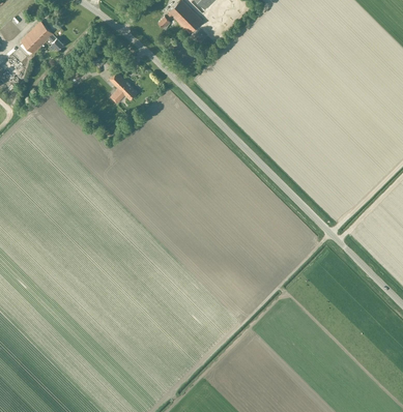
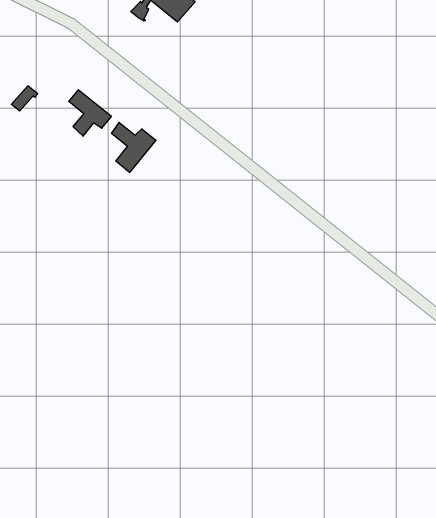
building: none -> [112,122,156,172]

